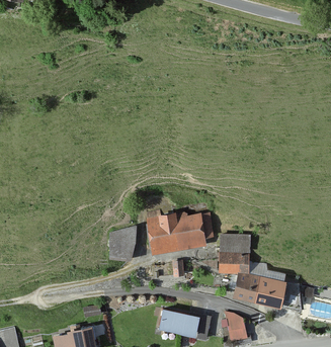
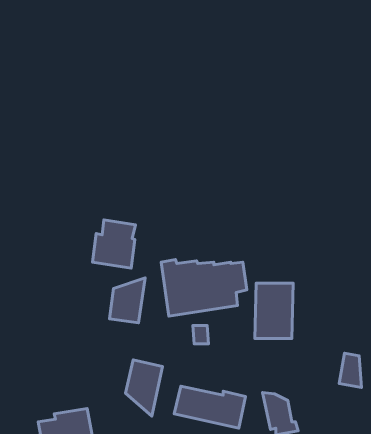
building: none -> [92,220,135,268]
building: [233,271,284,307] -> none
building: none -> [125,360,163,416]

